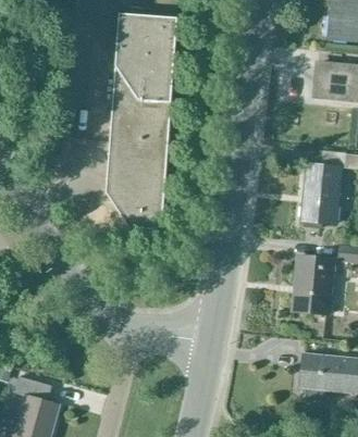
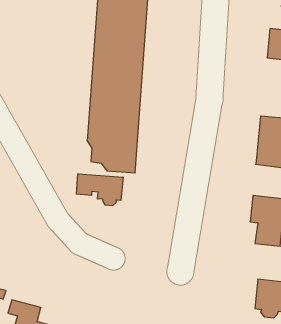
building: none -> [76,174,123,206]

